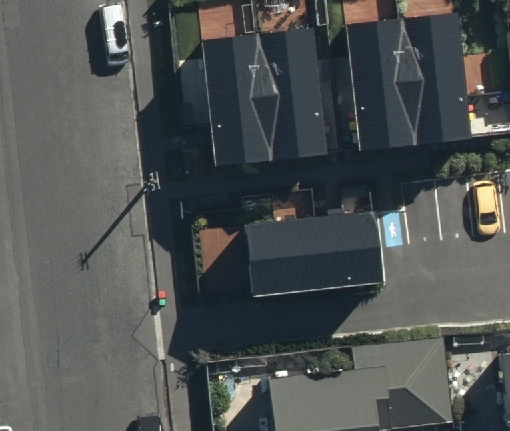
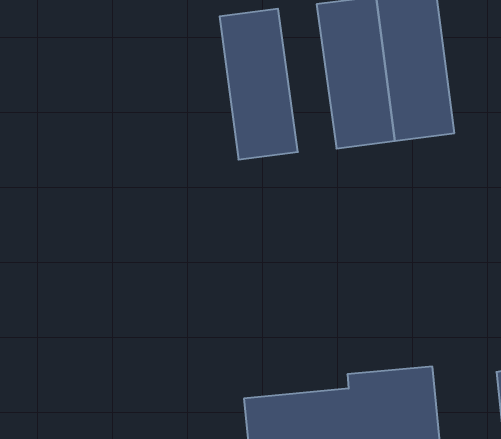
building: [196,22,267,159] -> none
building: [247,219,386,304] -> none

